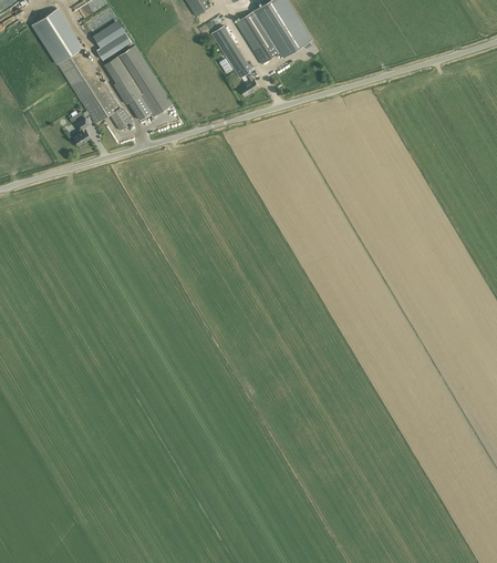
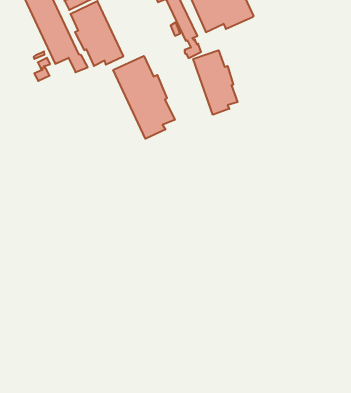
building: none -> [193,50,238,115]
building: none -> [113,56,175,139]

